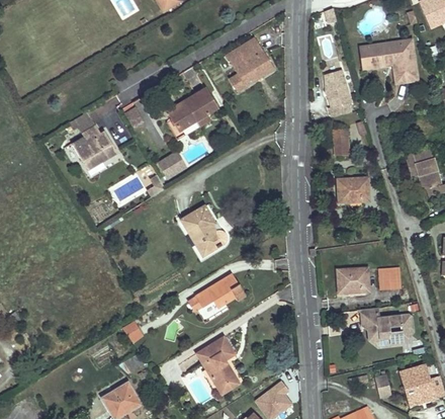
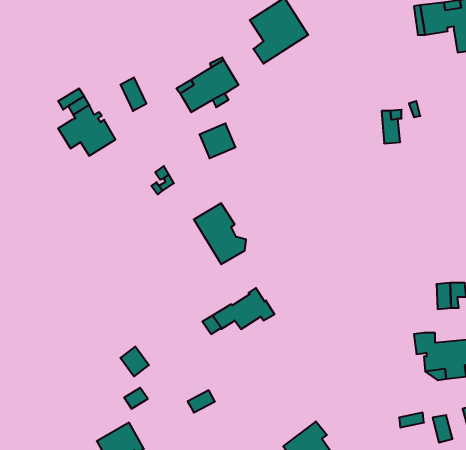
building: [325,70,351,116] -> none
building: [157,152,186,180] -> [199,123,236,158]
building: [337,178,368,202] -> none
building: [337,269,368,292] -> none
building: [197,337,239,395] -> none

